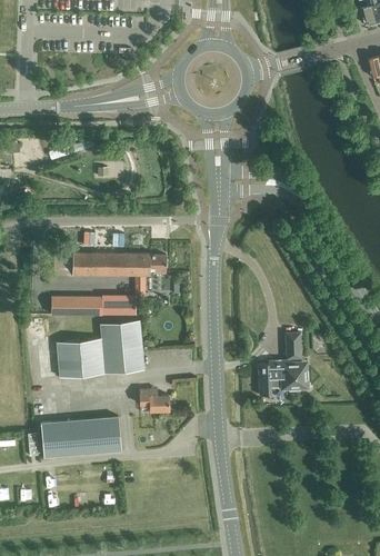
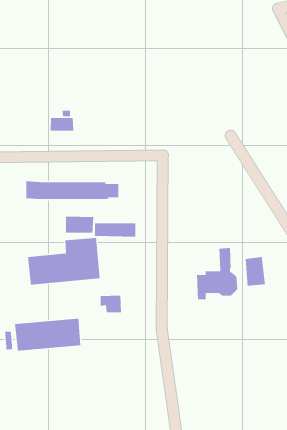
building: none -> [50,117,74,132]
building: [51,298,101,316] -> [94,222,136,237]
building: none -> [245,256,266,286]

